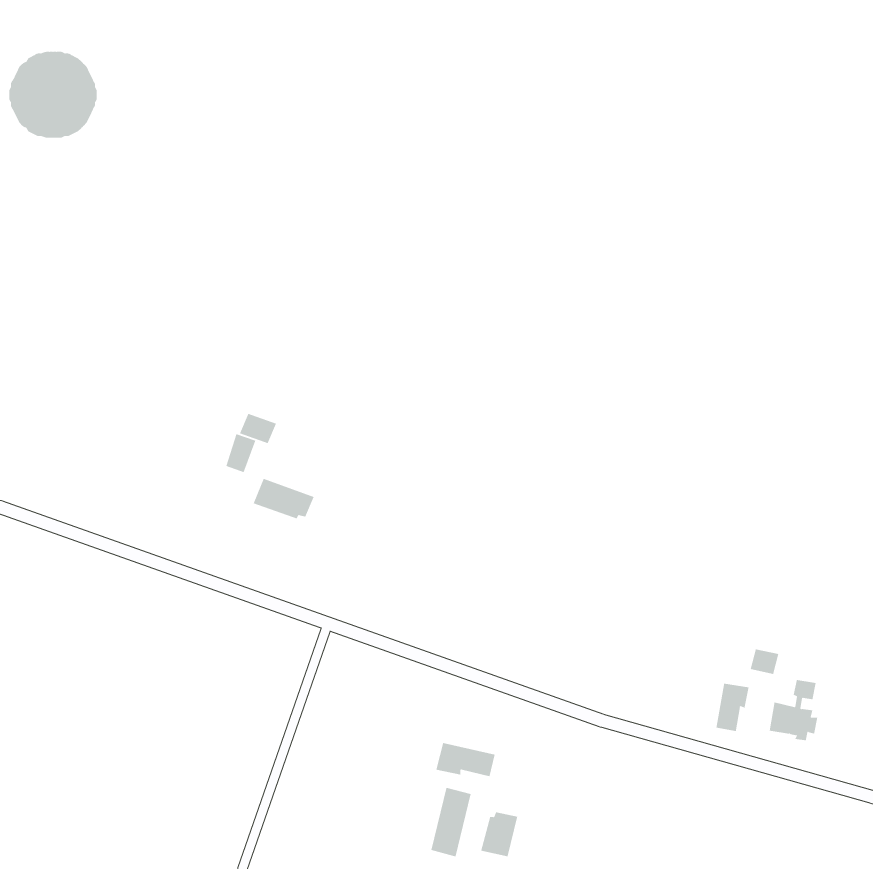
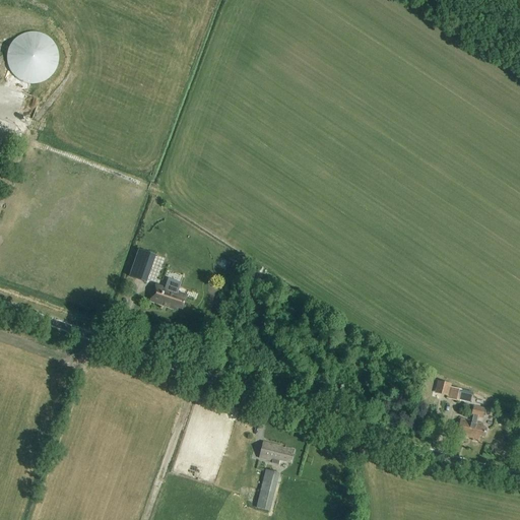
building: [716,683,749,732] -> none
building: [481,812,518,857] -> none

